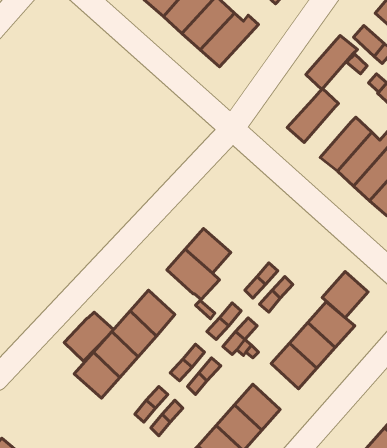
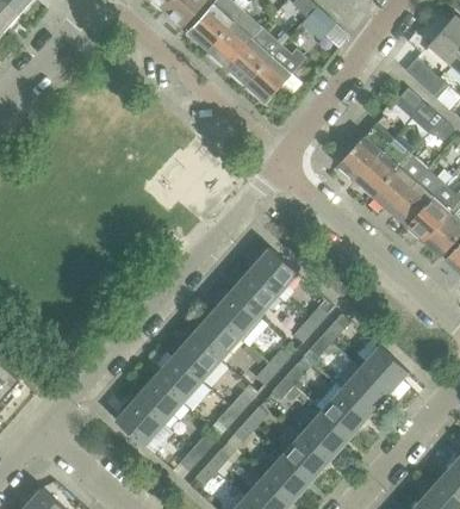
building: [306,36,357,89] -> [355,139,409,195]
building: none -> [250,248,298,299]
building: none -> [193,312,240,359]
building: [322,272,368,318] -> none
building: [64,312,113,361] -> none
building: none -> [302,410,349,458]

